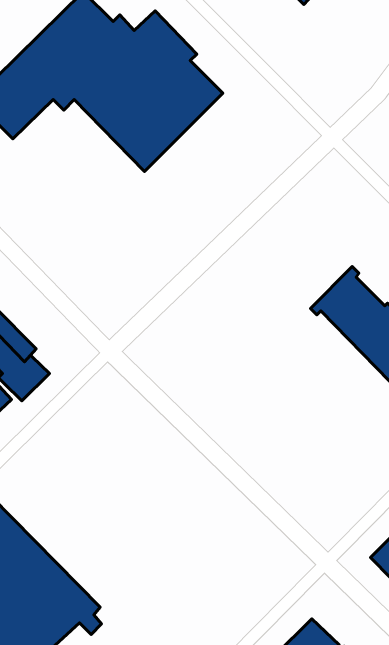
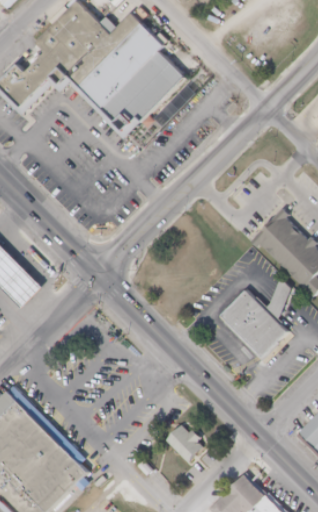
building: none -> [214,278,289,362]
building: none -> [164,424,200,461]

